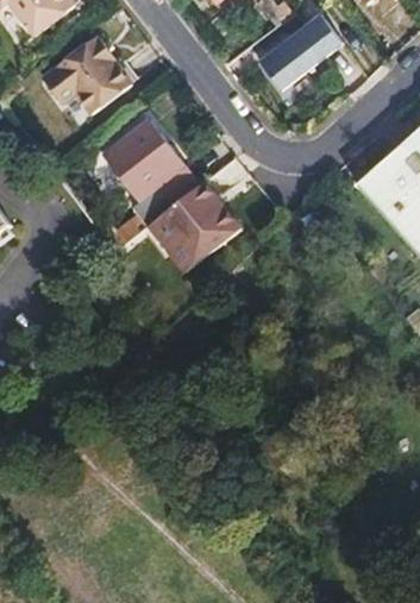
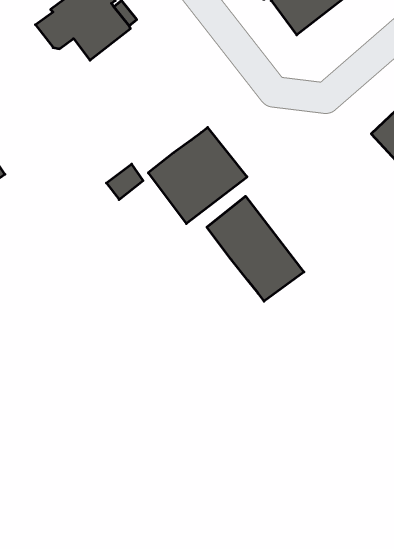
building: [100,117,196,225] -> none
building: none -> [207,196,304,301]

